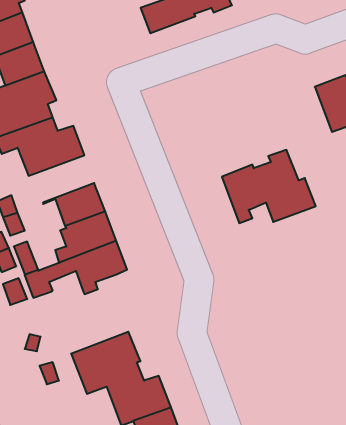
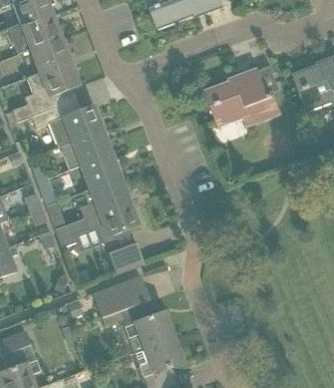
building: [222,150,316,223] -> [205,67,282,127]
building: none -> [60,129,111,168]
building: none -> [108,242,143,273]

